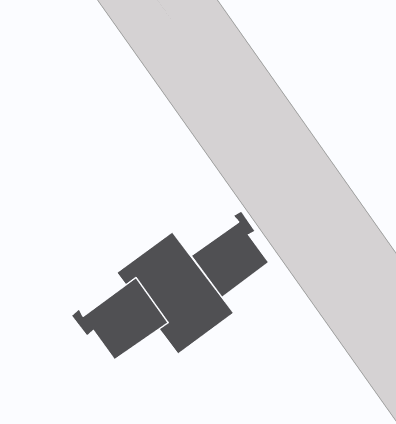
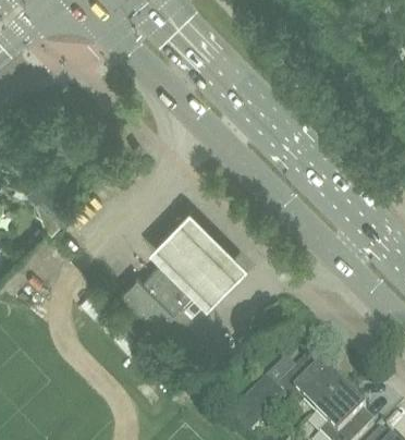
building: [191,211,269,298] -> none

